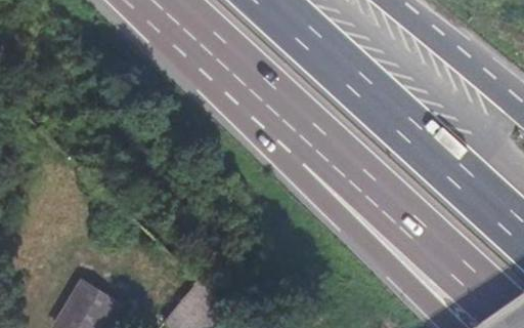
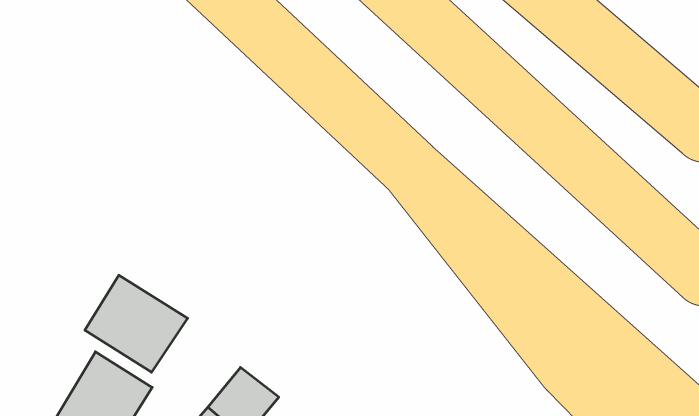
building: none -> [85,275,188,372]

